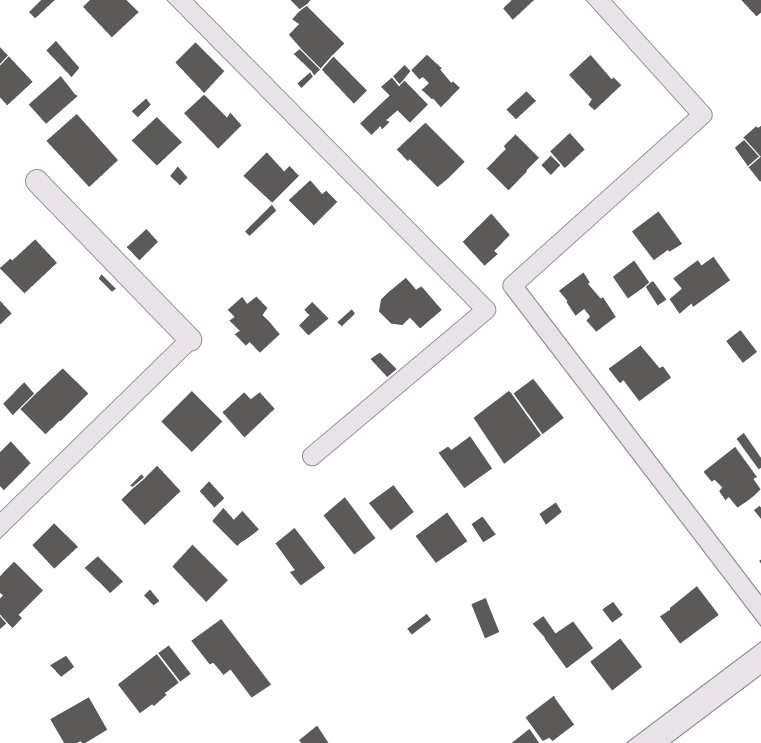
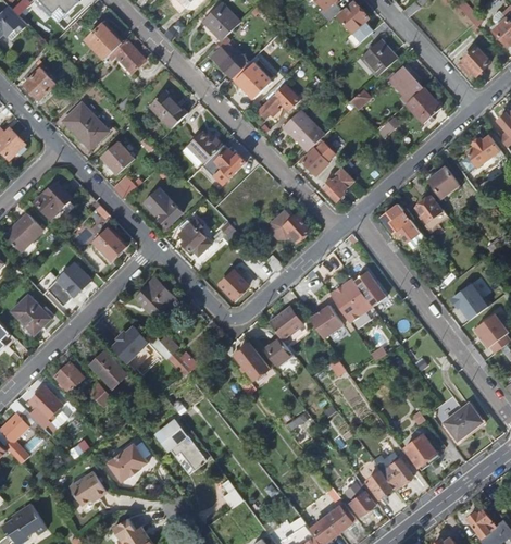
building: none -> [361,39,398,77]
building: none -> [458,47,490,75]
building: [174,42,225,94] -> [113,39,145,72]
building: [410,54,461,108] -> none
building: [28,75,79,125] -> none
building: none -> [406,87,441,124]
building: [131,116,183,167] -> [101,143,134,174]
building: [486,134,540,191] -> [303,138,337,174]
building: none -> [144,188,182,227]
building: [669,256,731,315] -> [462,135,501,172]
building: none -> [92,228,124,261]
building: [608,345,672,402] -> [450,283,490,319]
building: [221,391,275,439] -> [219,268,252,297]
building: [414,512,468,564] -> [271,306,304,338]
building: [274,527,326,587] -> none
building: [171,544,229,603] -> [90,349,126,386]
building: [532,615,594,669] -> [373,454,412,487]

